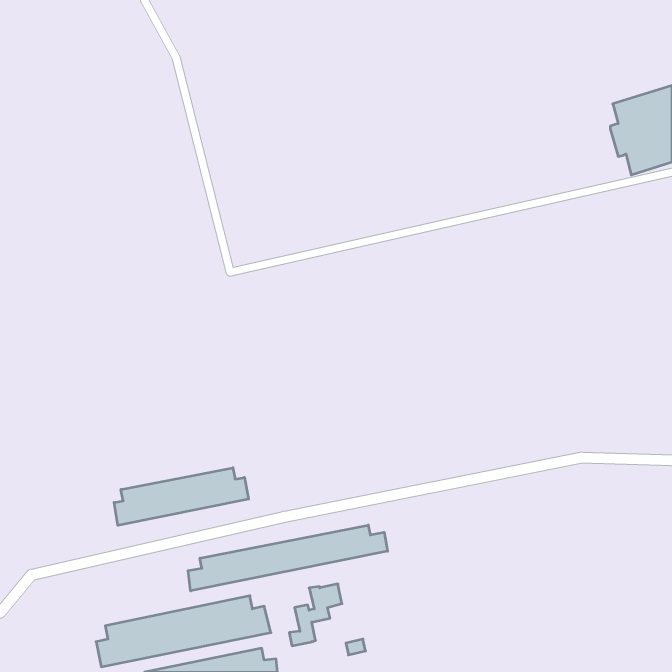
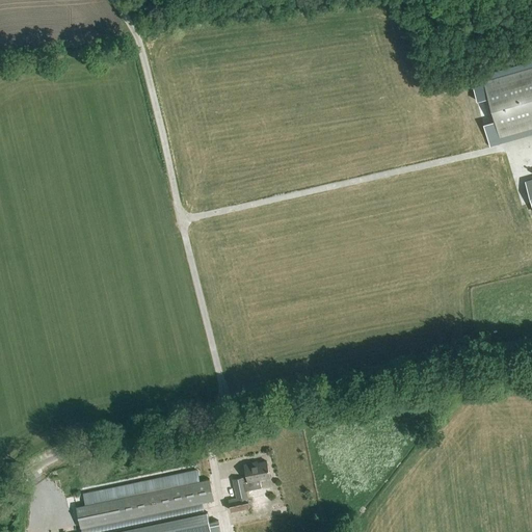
building: [114,468,249,525] -> none
building: [188,525,388,591] -> none

